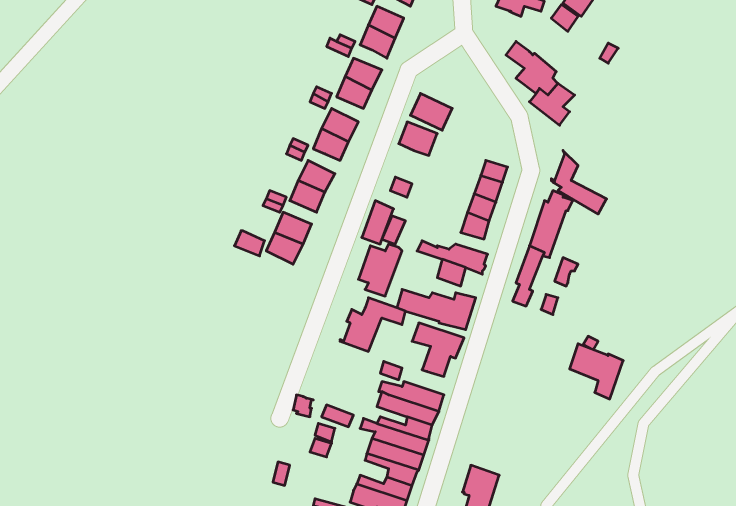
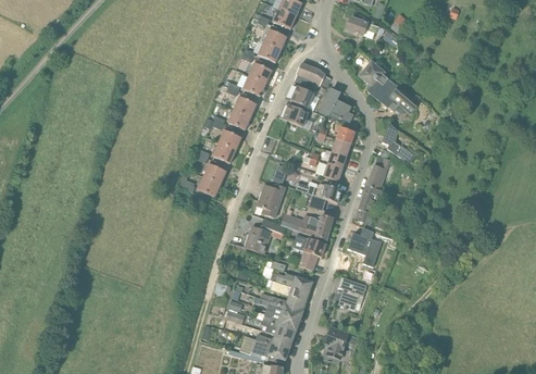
building: none -> [295,62,325,89]
building: none -> [387,85,422,112]
building: none -> [319,88,352,120]
building: [570,344,623,399] -> [347,232,382,267]
building: none -> [338,276,366,309]

